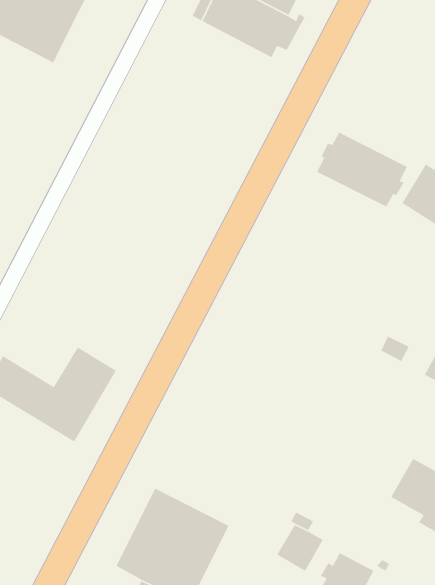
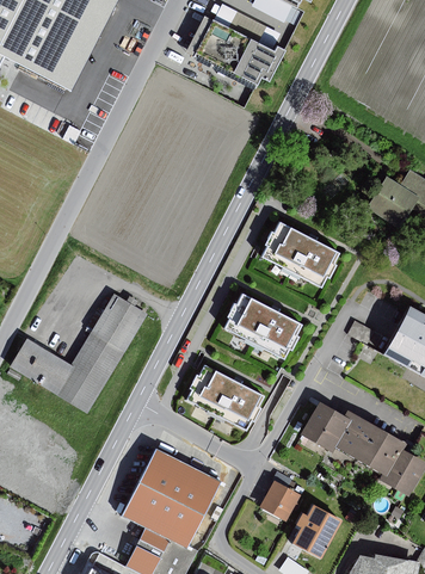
building: [316,131,408,207] -> [259,221,337,285]
building: none -> [91,294,147,351]
building: none -> [223,294,301,358]
building: none -> [183,365,260,430]
building: none -> [301,401,375,458]

